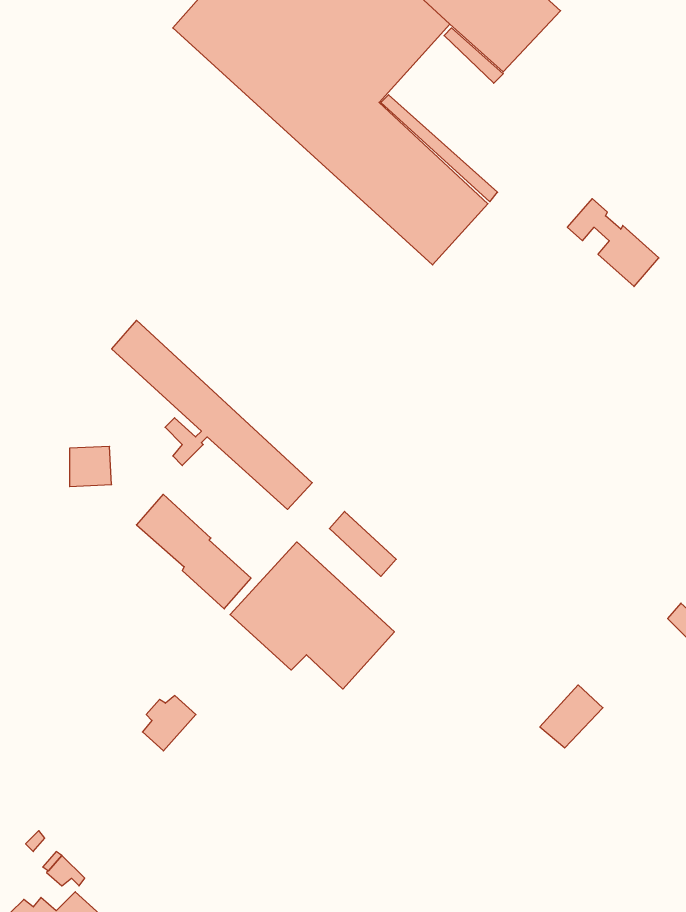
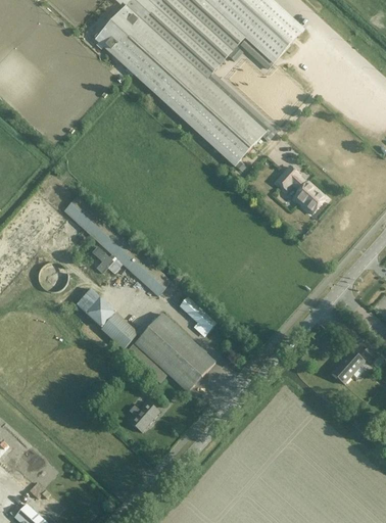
building: [567,199,659,287] -> [277,167,326,213]
building: [540,685,603,748] -> [331,349,365,383]
building: [142,696,196,751] -> [130,401,158,431]

